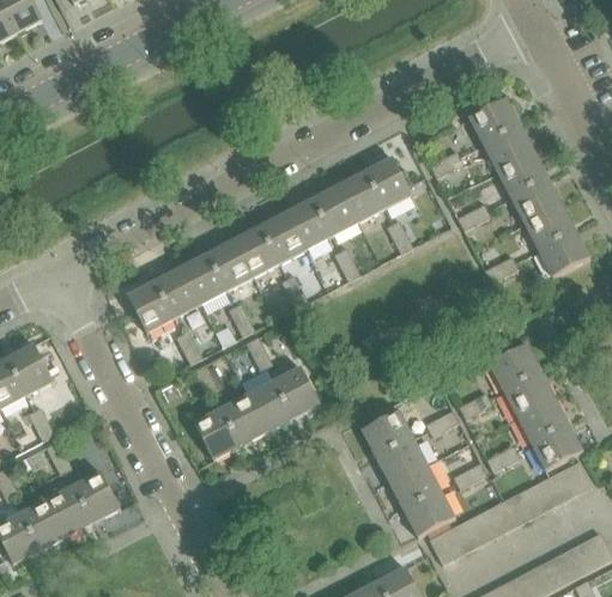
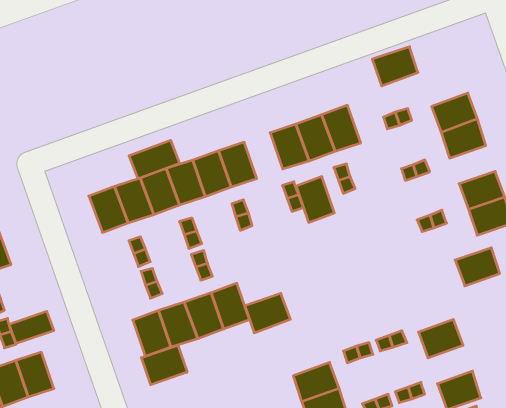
building: [468,98,520,145] -> [372,47,418,86]
building: [510,178,562,224] -> none
building: [286,199,332,250] -> [296,177,334,222]
building: none -> [129,140,180,179]
building: [490,345,540,390] -> [455,248,500,286]
building: [519,397,569,443] -> none
building: [362,410,413,457] -> [245,293,290,333]
building: none -> [9,311,54,344]
building: none -> [141,345,187,385]

